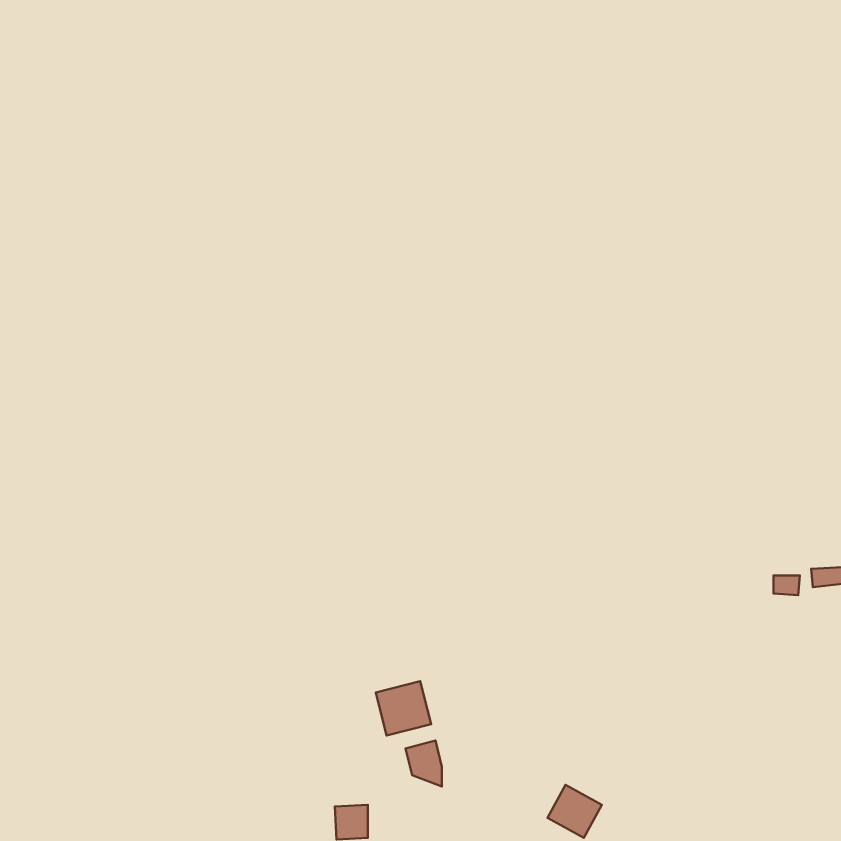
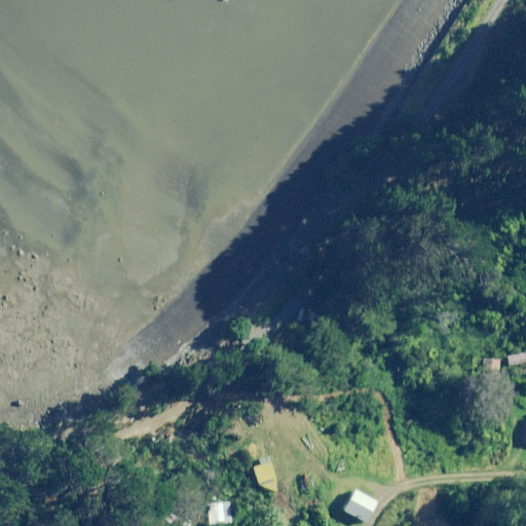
building: [376,681,431,735] -> none

